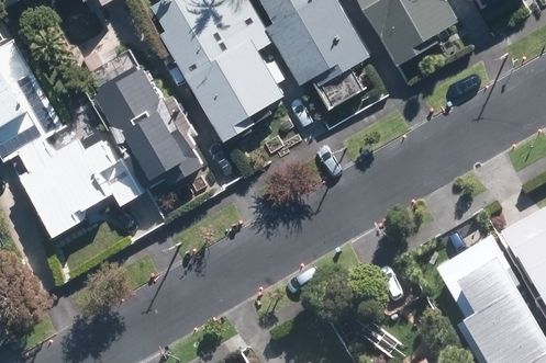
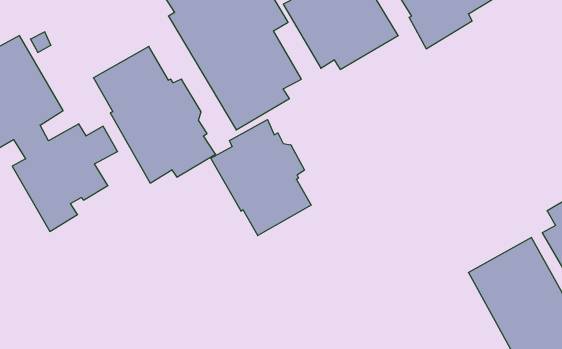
building: none -> [211,120,311,236]

